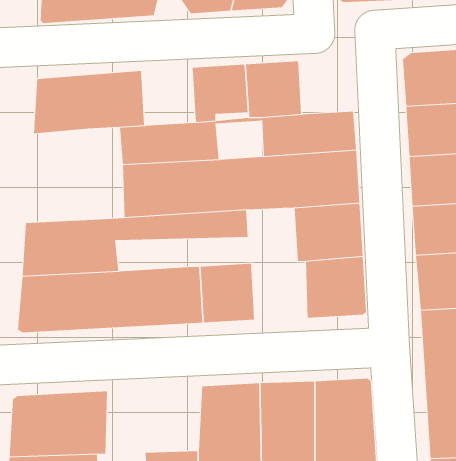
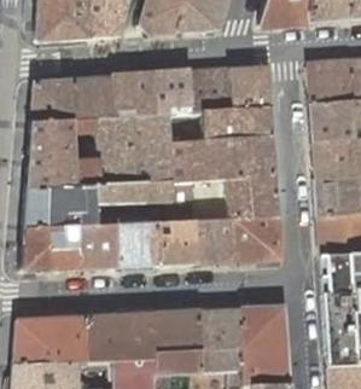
building: none -> [229,66,270,109]
building: none -> [112,74,152,117]
building: none -> [25,120,76,190]
building: none -> [194,219,235,262]
building: none -> [86,312,157,362]

